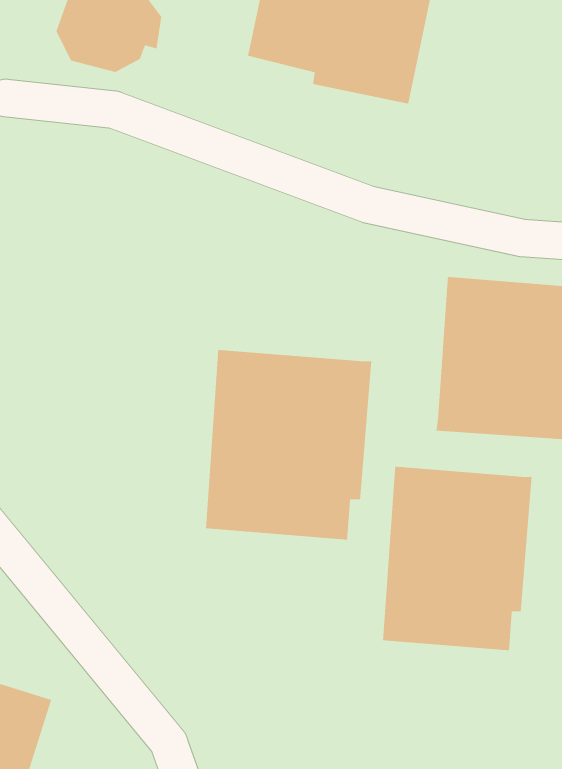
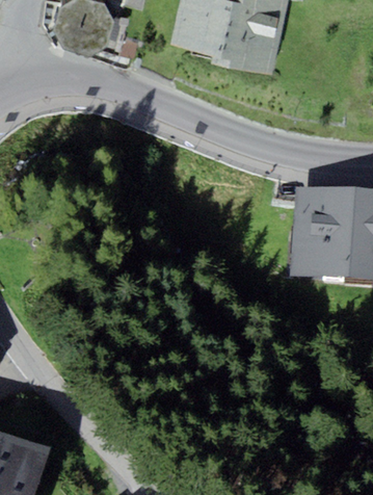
building: [205,349,372,540] -> none
building: [382,466,533,651] -> none

